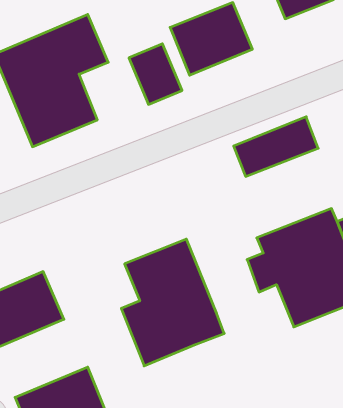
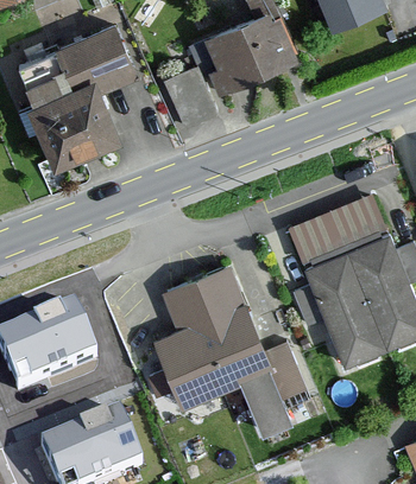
building: [234,117,318,176] -> [291,197,384,262]
building: none -> [237,339,308,440]

